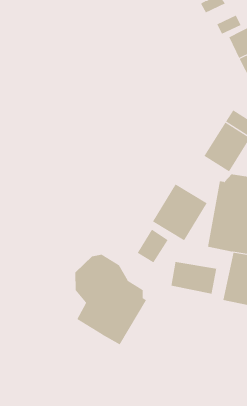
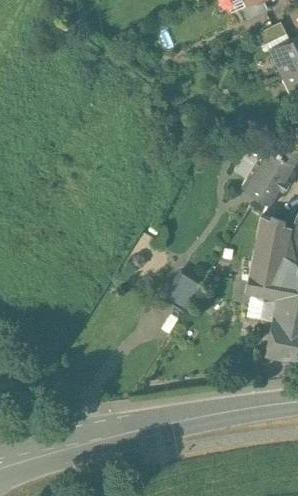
building: [152,184,208,241] -> none
building: [75,254,147,345] -> none
building: [171,261,217,295] -> none

